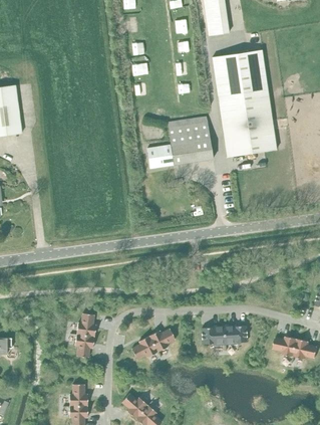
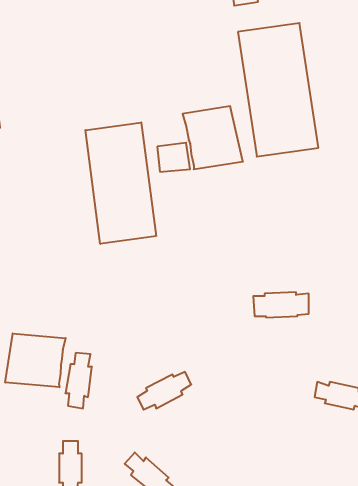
building: none -> [85,122,156,244]
building: none -> [5,333,66,387]
building: [202,325,246,345] -> [253,292,309,317]

